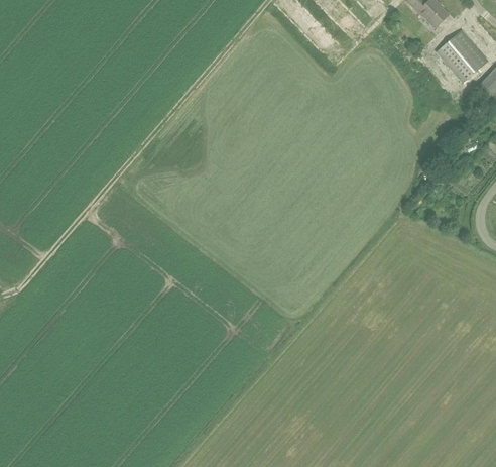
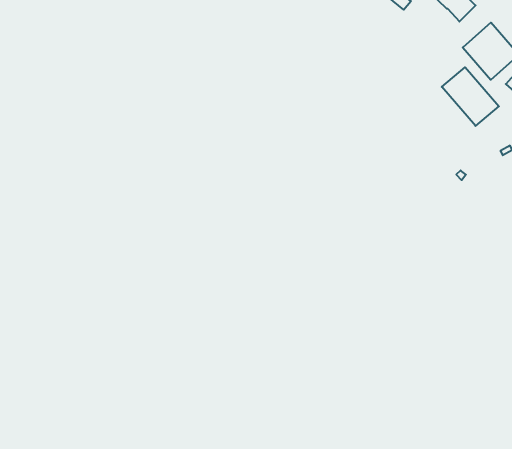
building: none -> [442,67,499,126]

